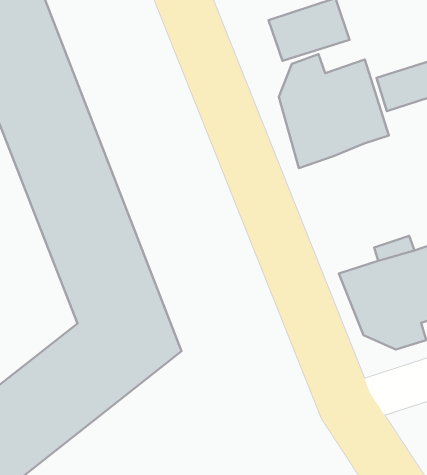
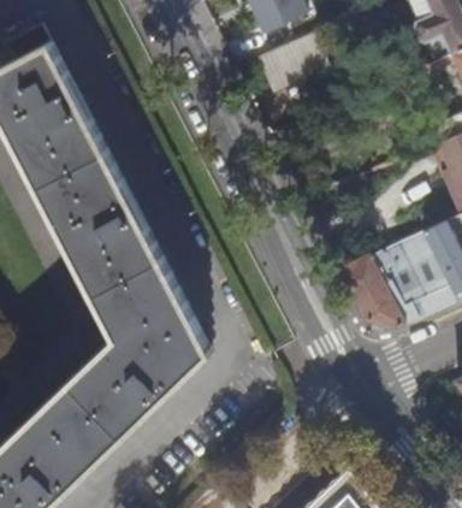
building: [279,54,389,168] -> none

